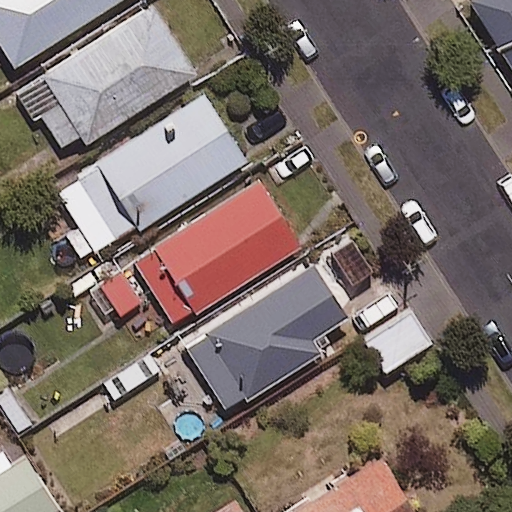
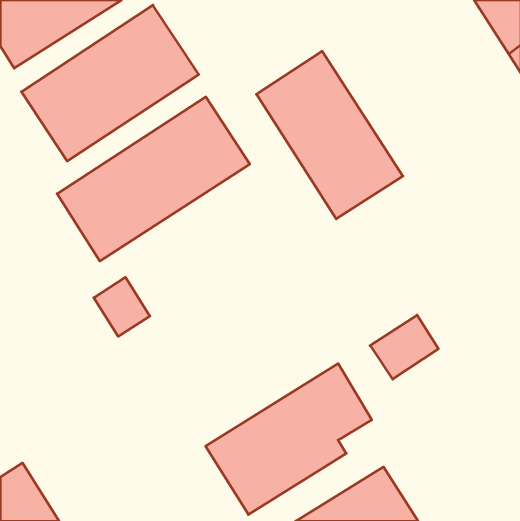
building: none -> [256,51,403,219]
building: [127,180,301,331] -> none
building: [185,264,348,412] -> [206,364,372,515]

